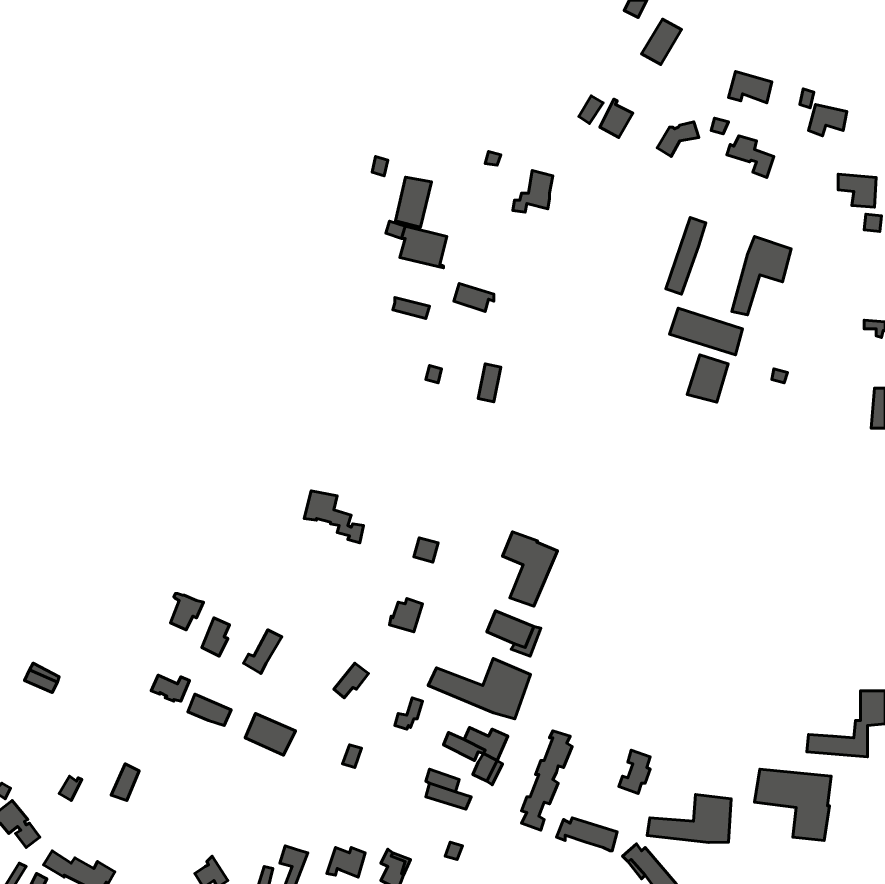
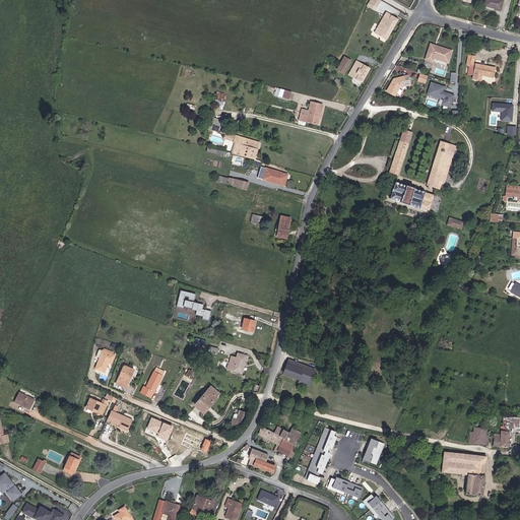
building: [396,177,431,227] -> none
building: [687,355,728,402] -> none
building: [502,532,558,606] -> none
building: [428,659,530,719] -> none
building: [647,795,731,842] -> none

